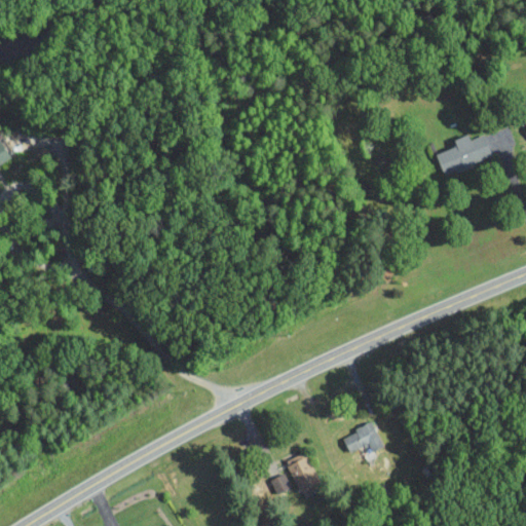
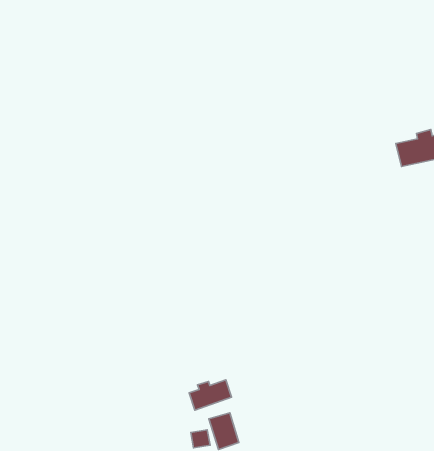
building: none -> [189,380,231,410]
building: [342,422,384,453] -> none

